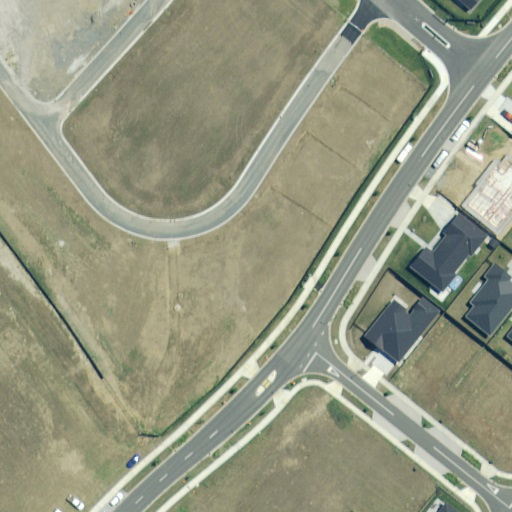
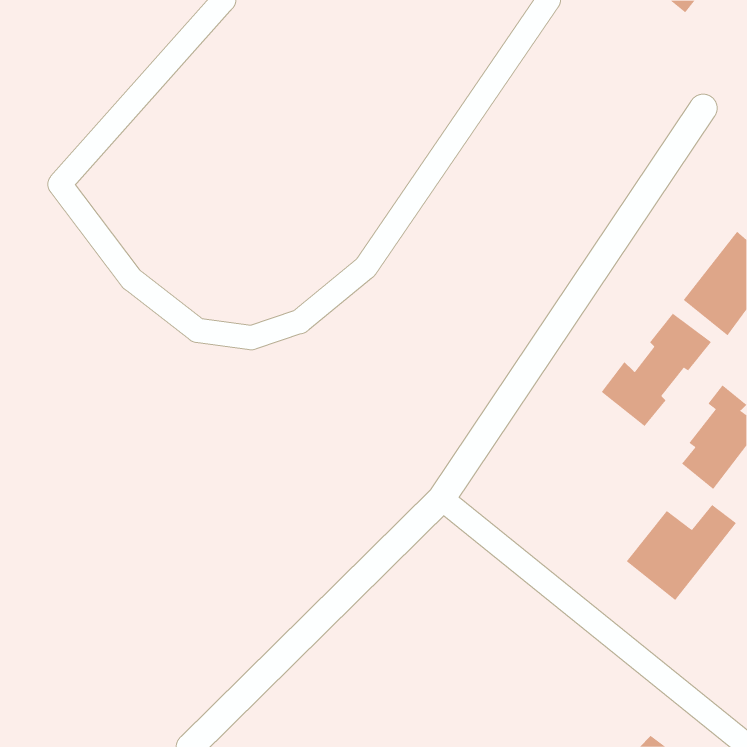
building: [364,297,440,363] -> [626,504,737,601]

